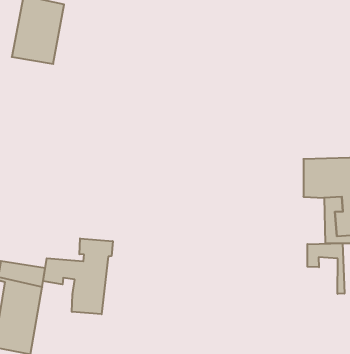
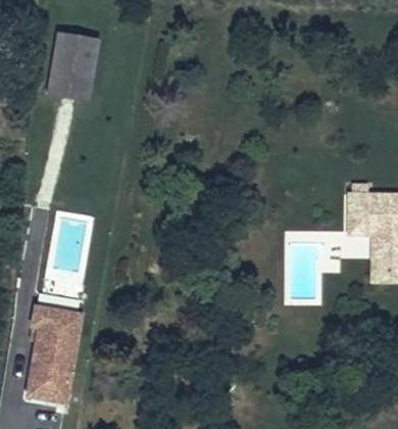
building: [43,238,113,314] -> none
building: [307,243,344,294] -> none

